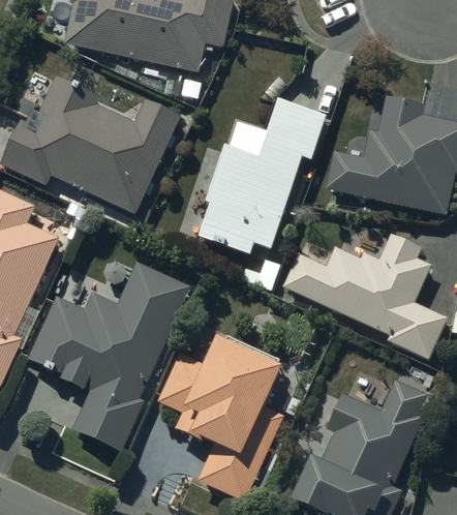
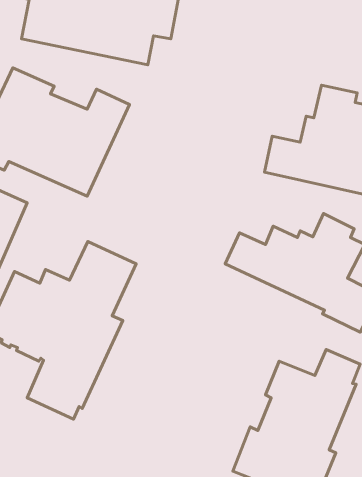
building: [199,100,326,255] -> none
building: [157,335,282,502] -> none

